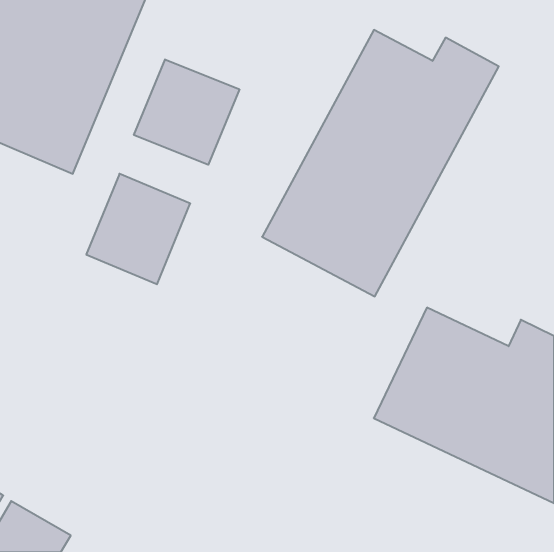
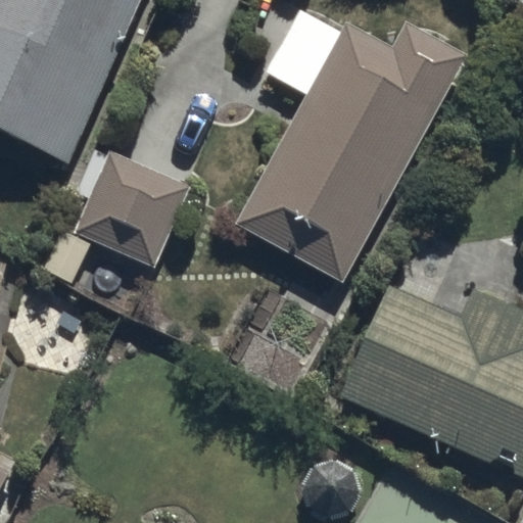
building: [134,59,239,165] -> none

